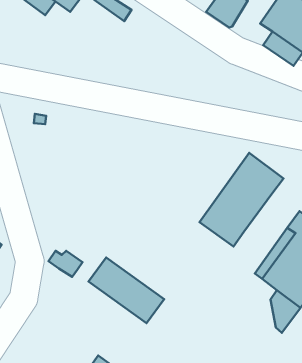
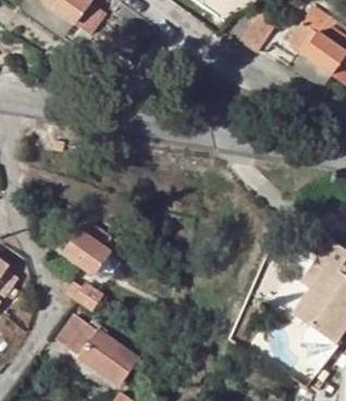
building: [199,153,283,247] -> none
building: none -> [62,228,110,274]
building: [88,258,164,323] -> [57,315,136,384]

